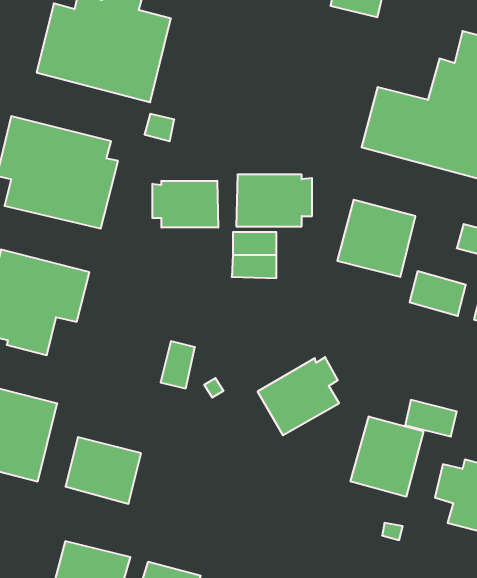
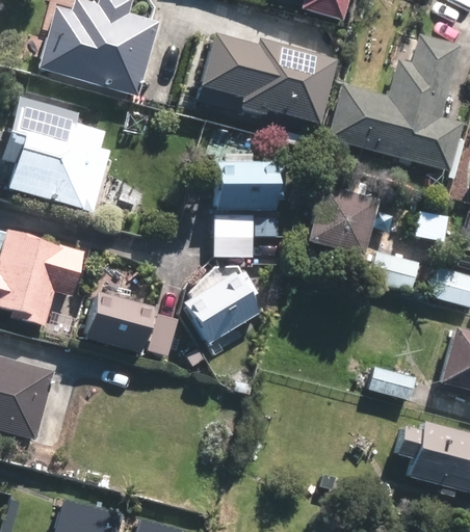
building: none -> [197,35,335,126]
building: [152,181,218,228] -> none
building: [258,357,339,435] -> [184,271,258,342]
building: [351,416,423,497] -> none
building: [65,437,141,504] -> [85,292,154,352]

